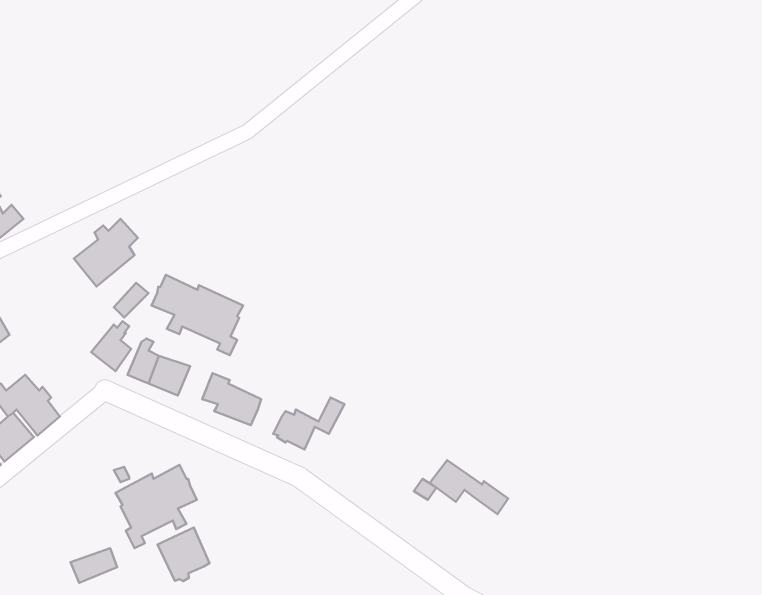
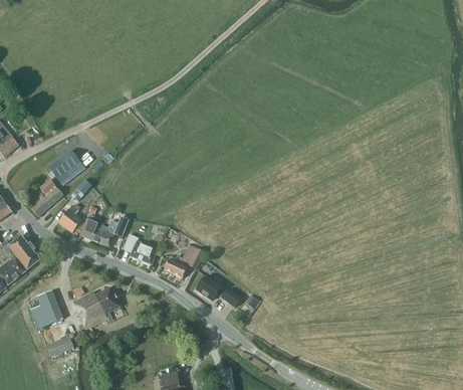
building: [151,275,243,355] -> none
building: none -> [31,179,62,215]
building: [430,460,508,514] -> [196,275,241,307]
building: none -> [32,290,65,329]
building: [157,528,209,581] -> none

